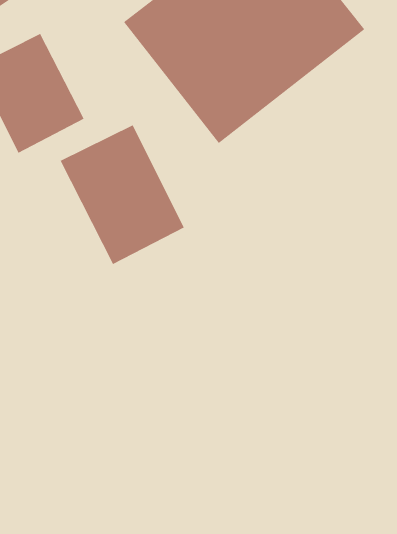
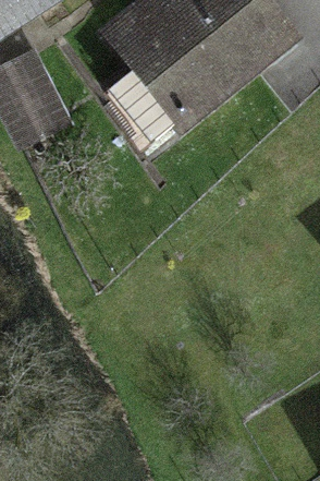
building: [60,124,185,265] -> none

